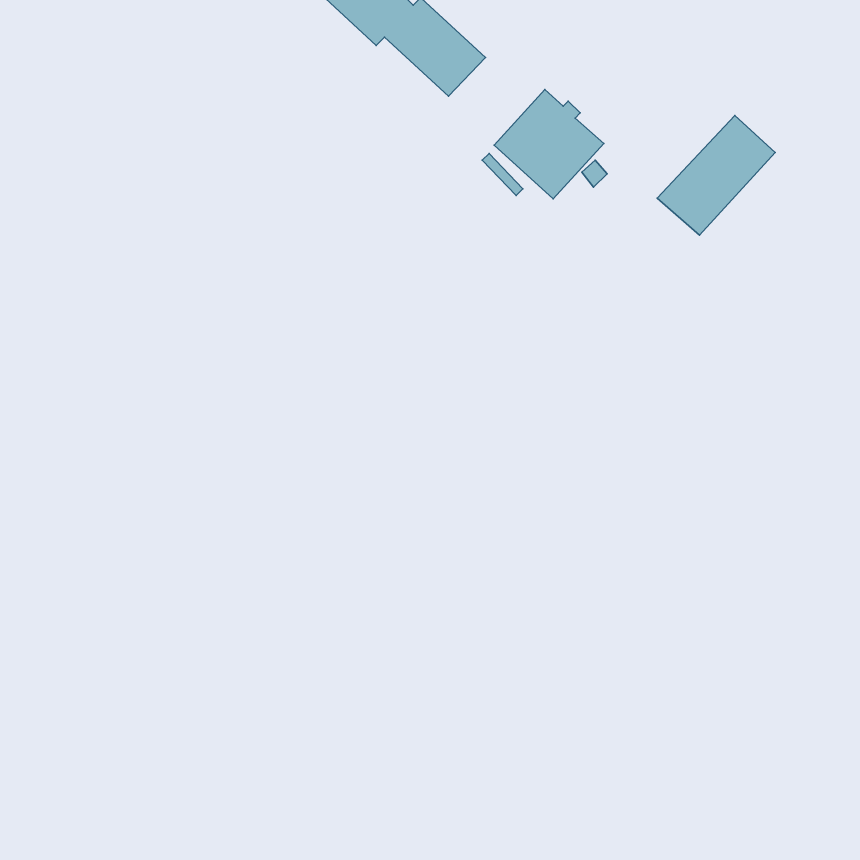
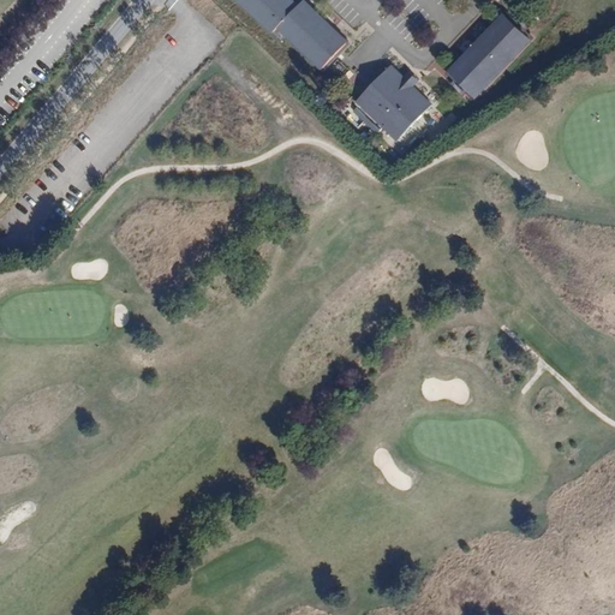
building: [657,116,775,235] -> [446,13,530,98]

